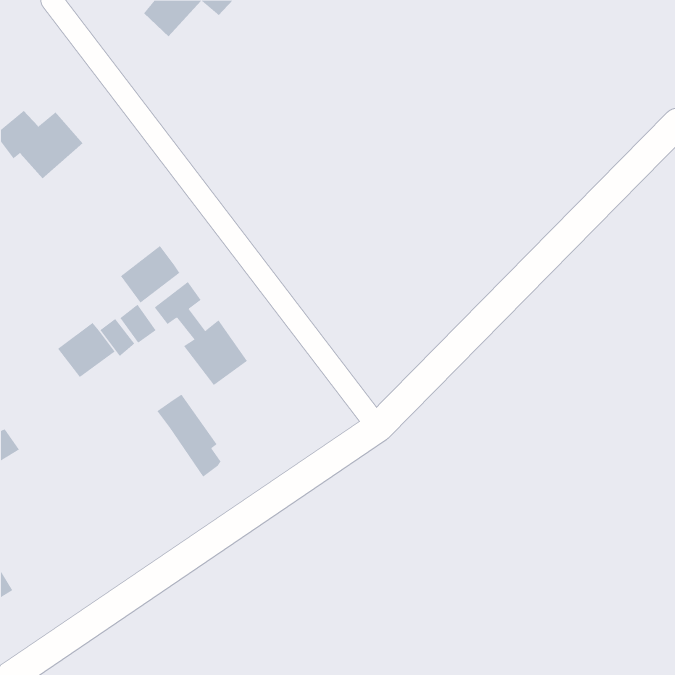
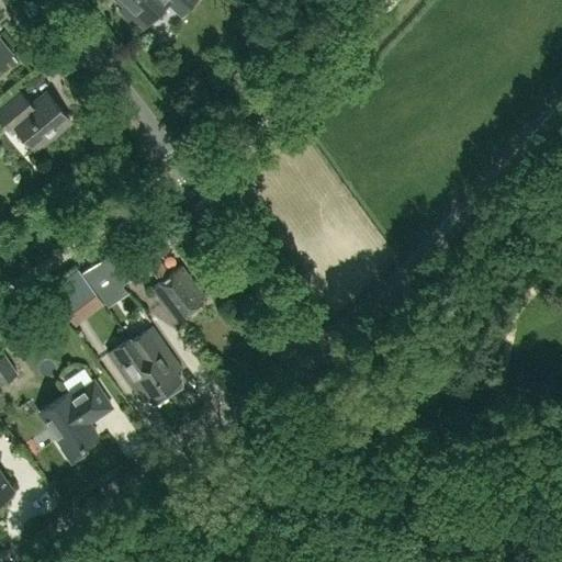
building: [120,245,180,304] -> none
building: none -> [112,342,170,405]
building: none -> [41,382,113,461]

